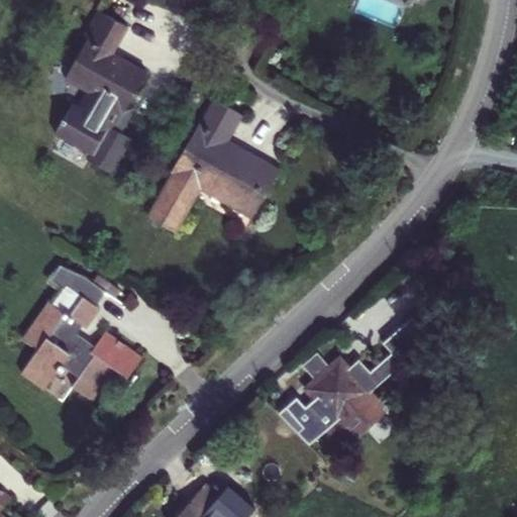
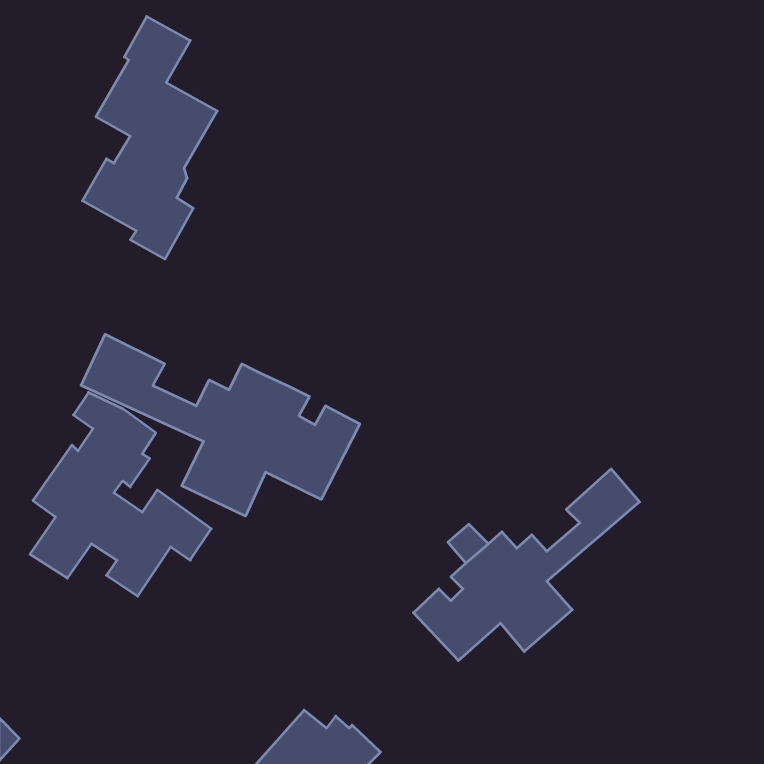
building: [147,99,278,232] -> none
building: none -> [81,334,360,516]

